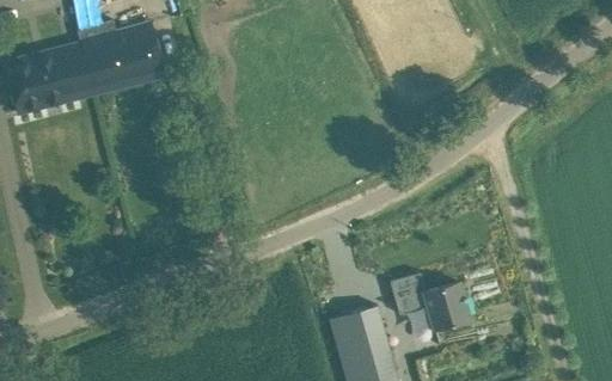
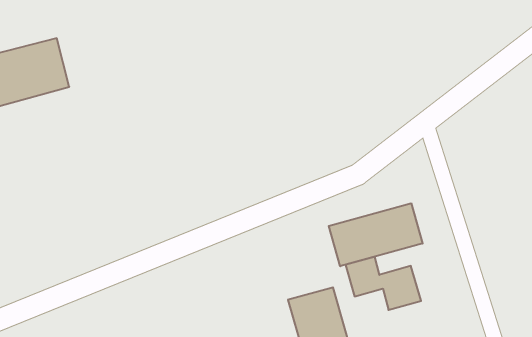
building: [79,20,164,93] -> none
building: none -> [329,203,423,266]

